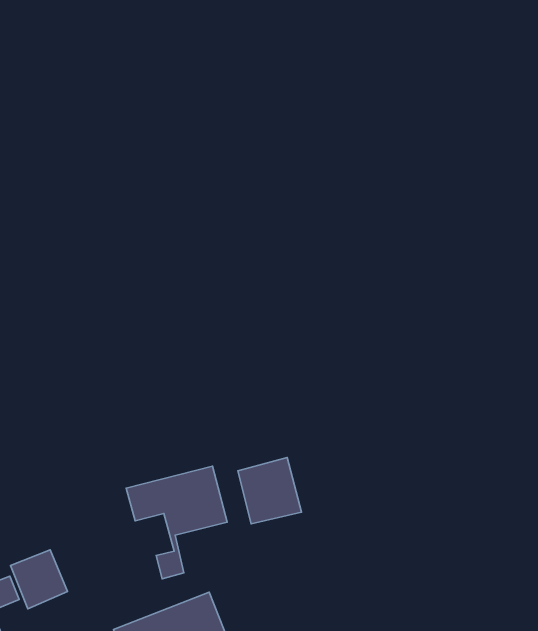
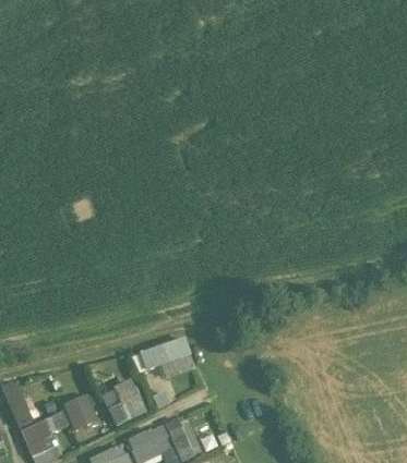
building: [238,458,302,524] -> none
building: none -> [101,379,145,425]

